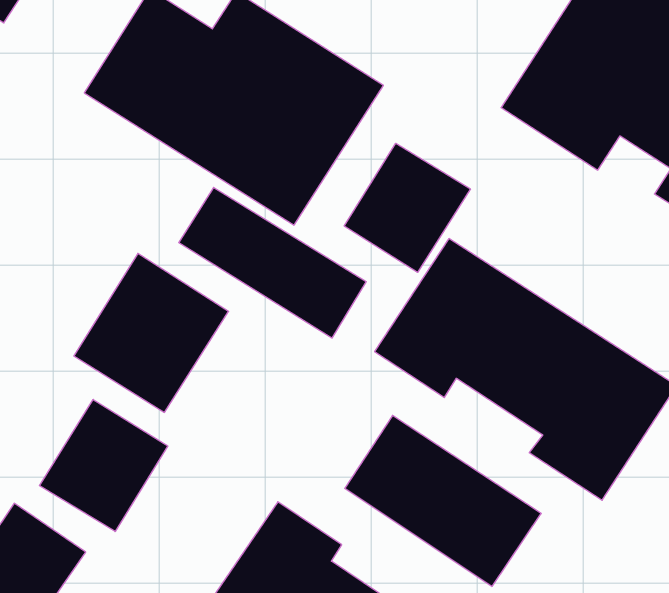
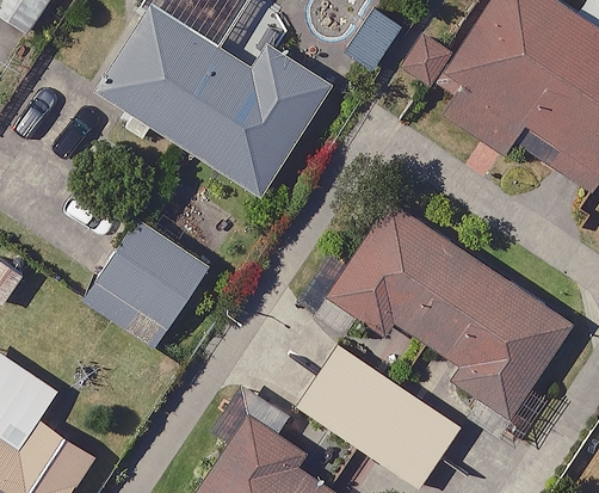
building: [344,143,470,272] -> none
building: [179,187,366,338] -> none
building: [39,399,168,532] -> none

